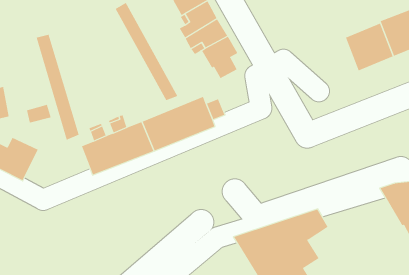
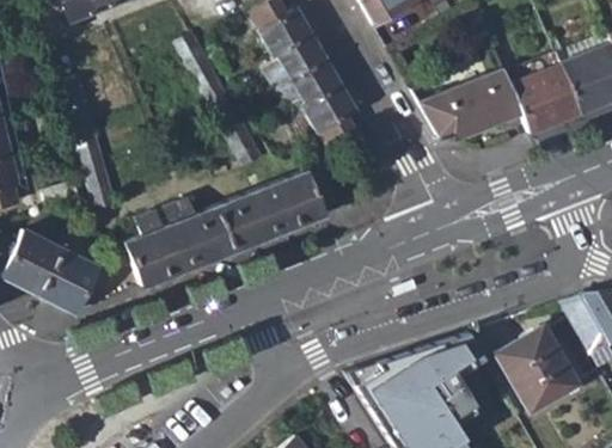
building: none -> [420,69,521,139]
building: none -> [42,248,115,312]
building: none -> [497,327,579,412]

